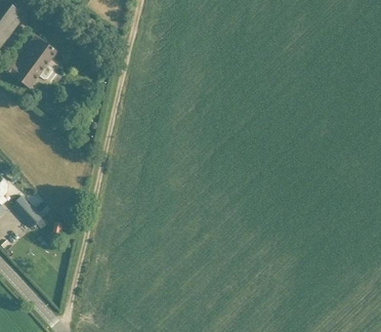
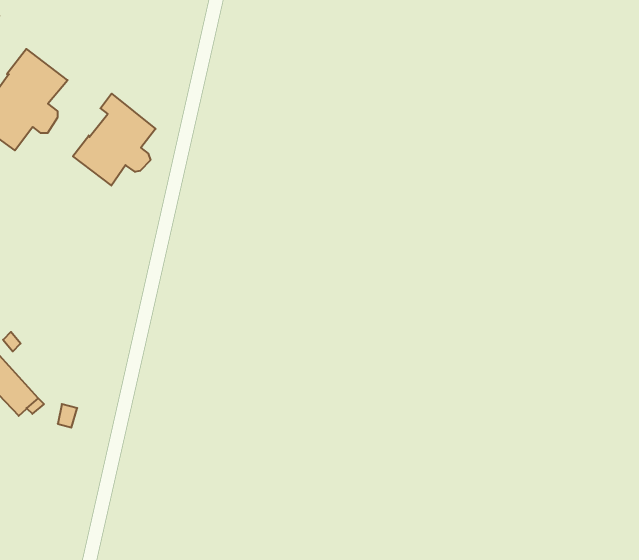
building: none -> [73,94,156,186]

